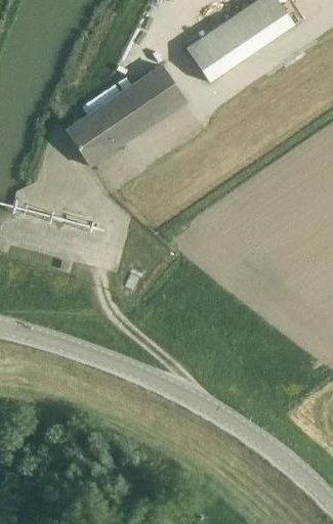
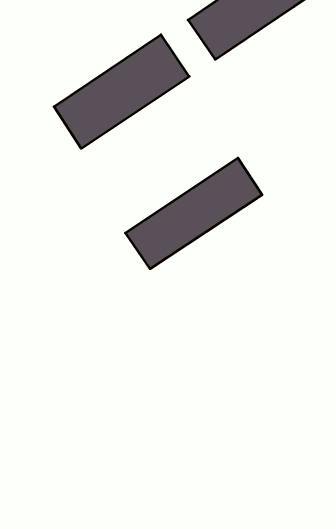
building: none -> [125,158,262,269]

